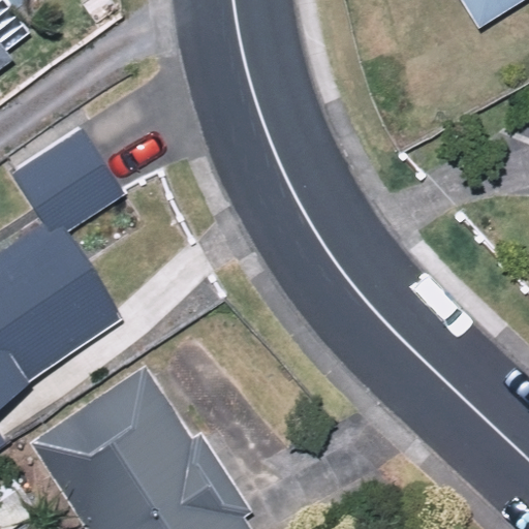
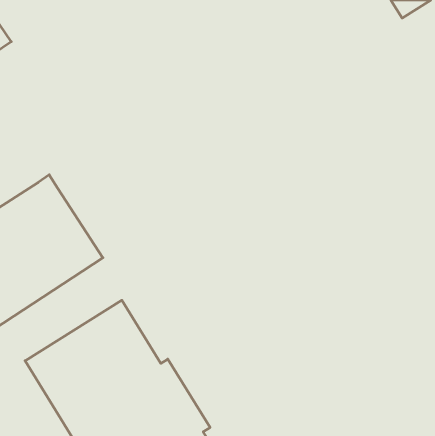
building: [12,129,126,232] -> none

